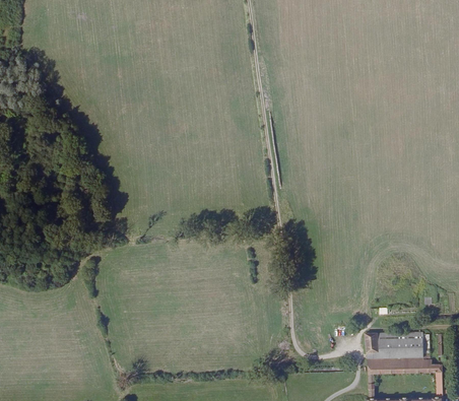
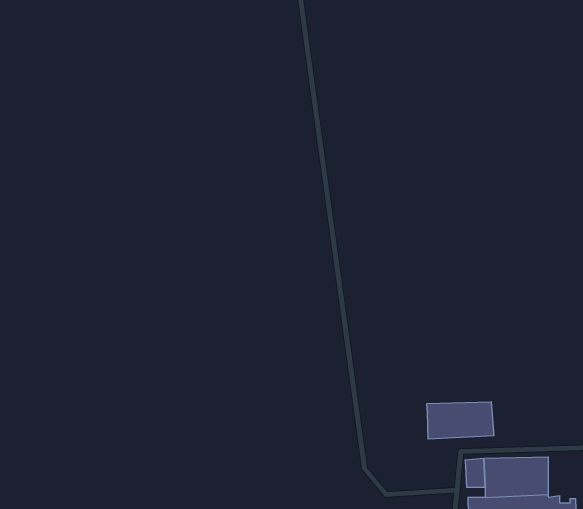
building: none -> [427,402,494,439]

